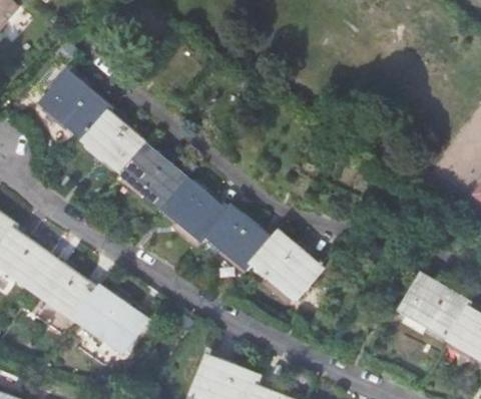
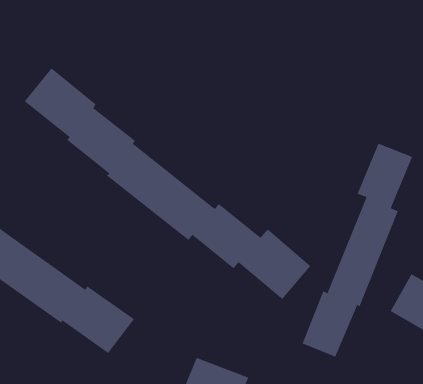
building: none -> [302,143,413,358]

